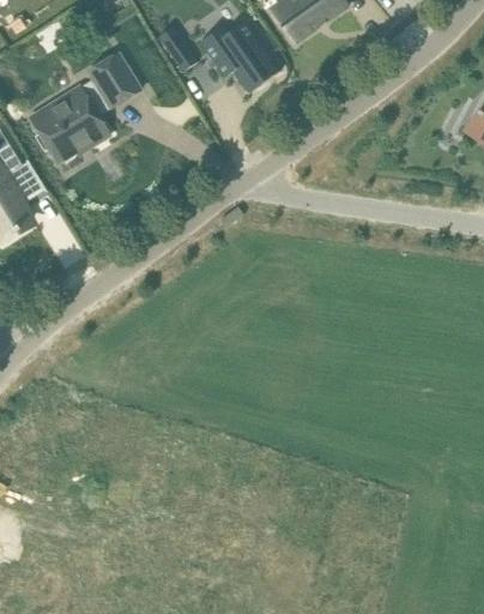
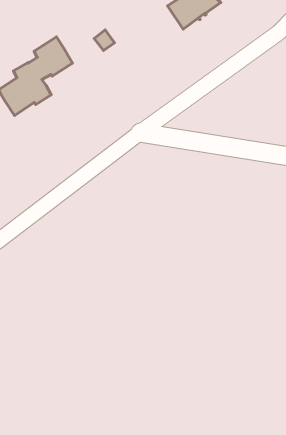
building: [198,20,278,92] -> none

